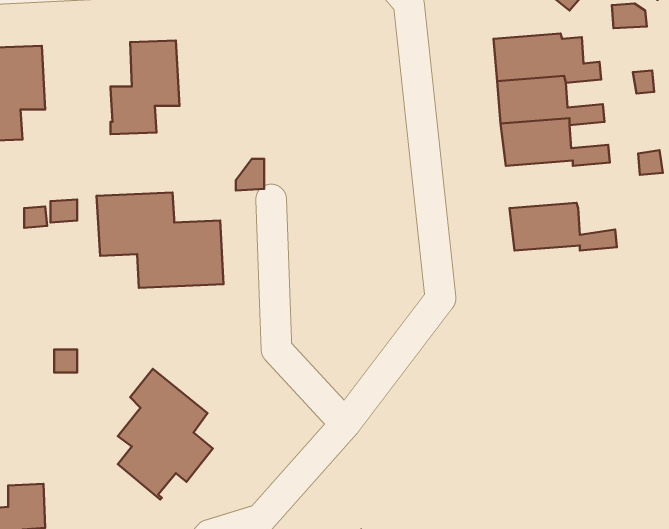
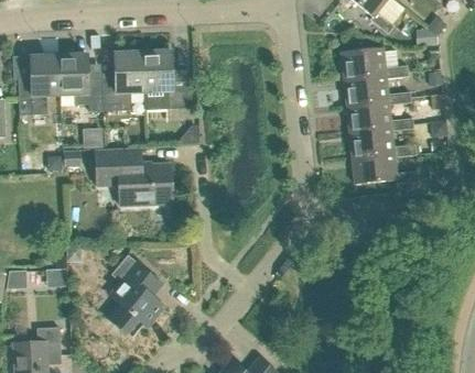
building: none -> [143,51,188,110]
building: none -> [60,54,104,111]
building: none -> [349,127,417,156]

